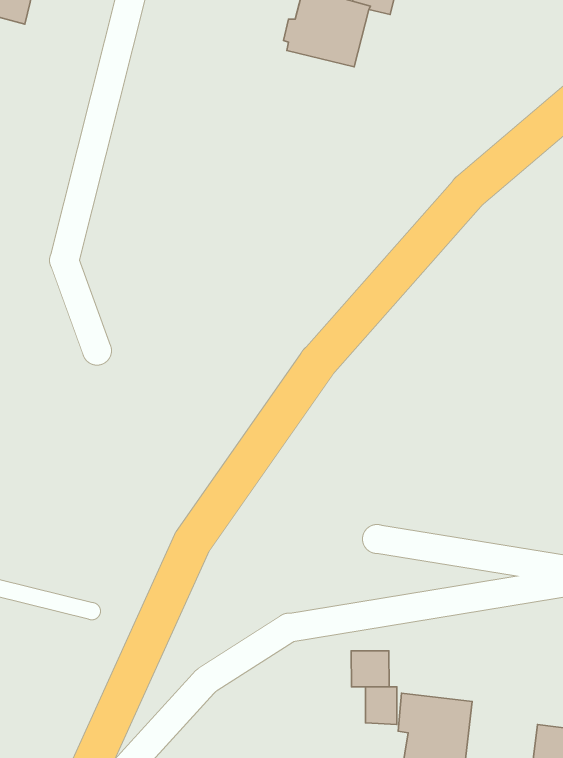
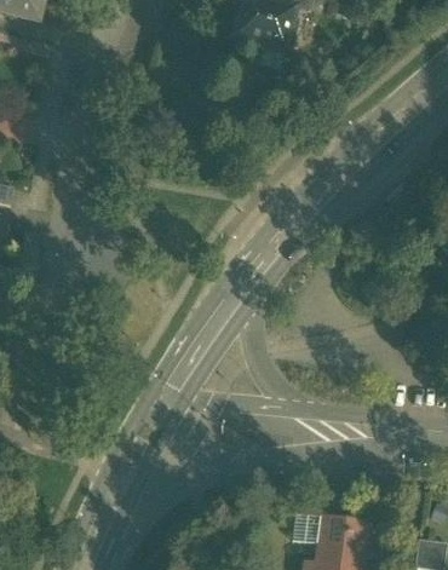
building: [351,651,389,687] -> none

